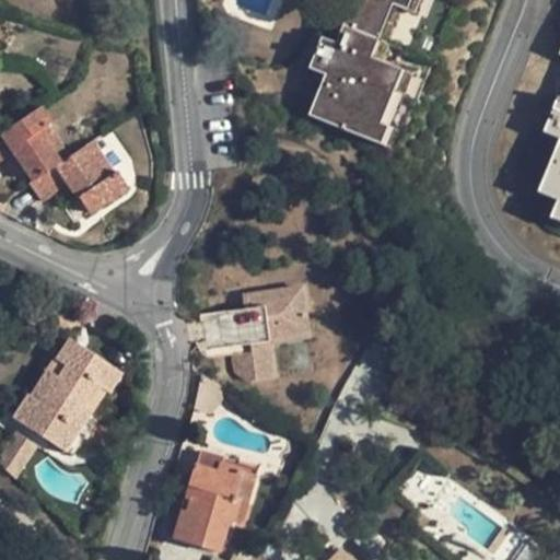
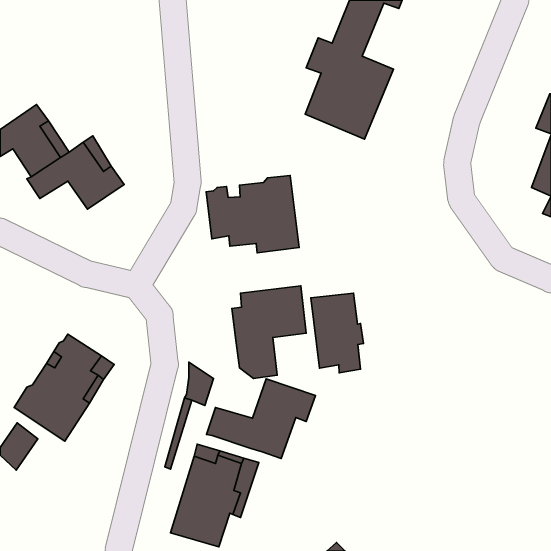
building: none -> [206,176,299,253]
building: none -> [311,293,364,373]
building: [208,313,240,351] -> none
building: none -> [206,379,315,459]

